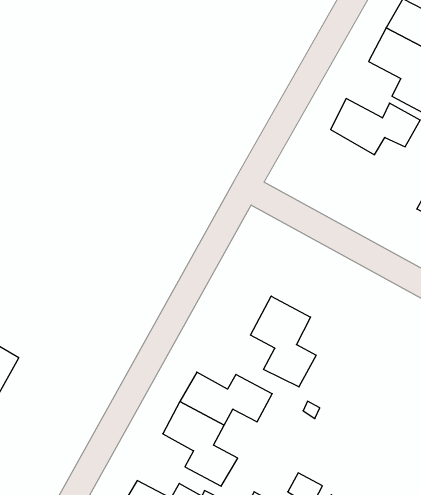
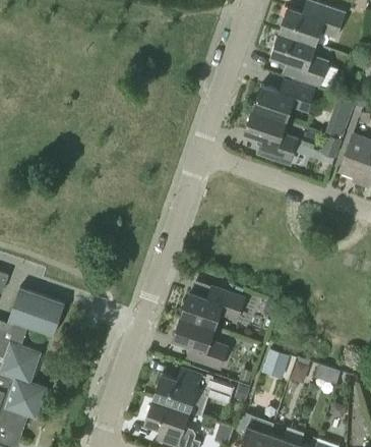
building: none -> [245,108,298,165]
building: [250,296,316,387] -> none

